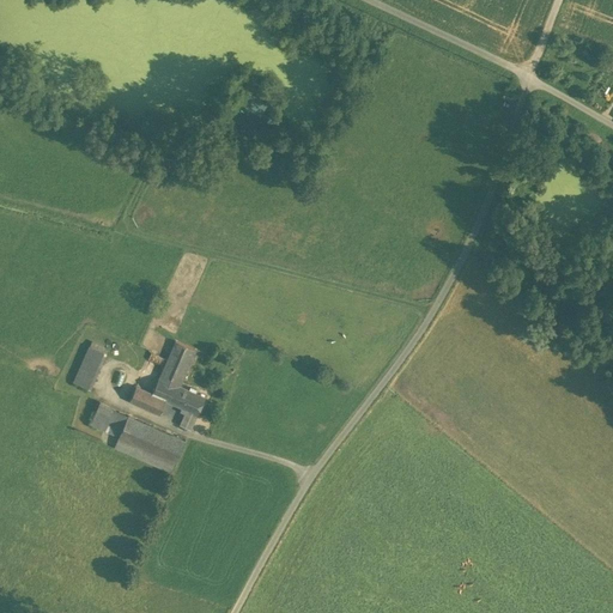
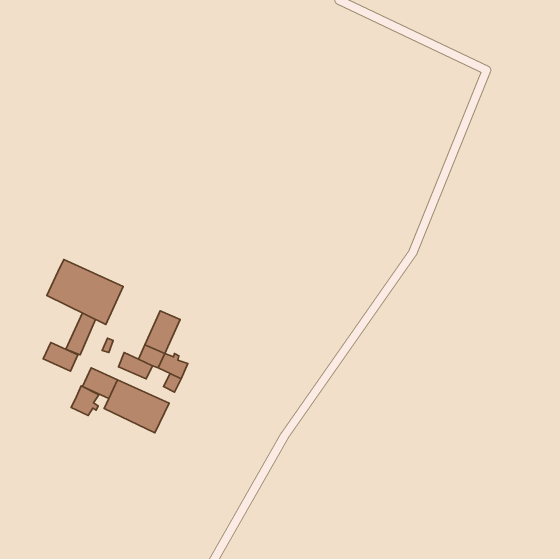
building: none -> [47,260,123,325]
building: none -> [43,342,78,371]
building: none -> [71,386,99,416]

